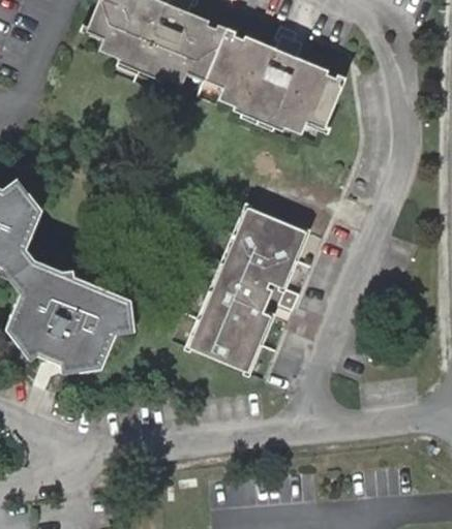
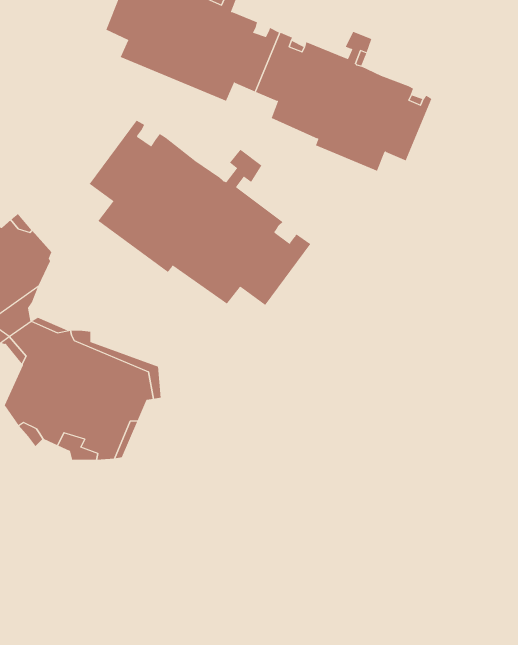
building: none -> [89,120,311,306]
building: [188,207,304,371] -> none

